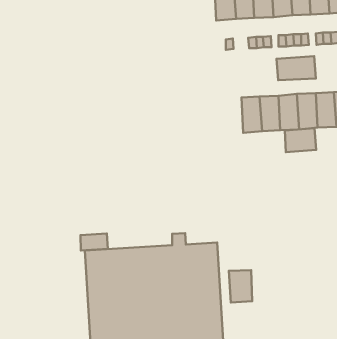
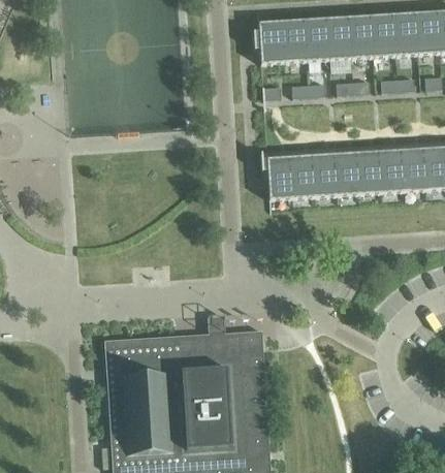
building: [277,56,316,80] -> none
building: none -> [267,156,293,199]
building: [285,128,316,152] -> none
building: [81,233,108,251] -> none
building: [229,270,252,302] -> none

